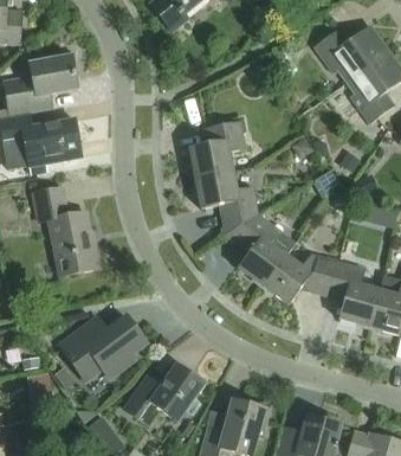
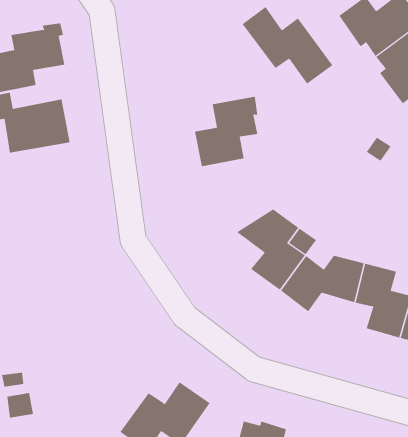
building: none -> [242,6,333,84]
building: [195,169,258,233] -> none
building: [33,186,98,275] -> none
building: [59,315,145,379] -> none

